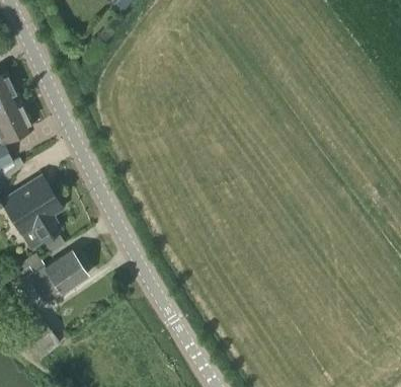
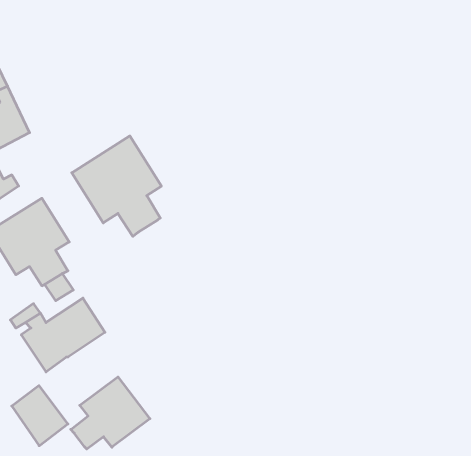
building: none -> [72,136,161,236]
building: none -> [71,377,150,449]

